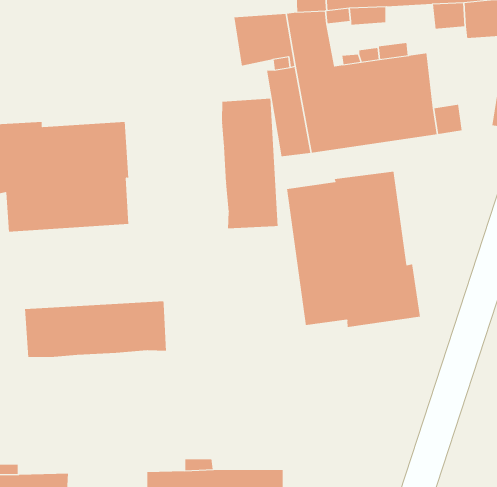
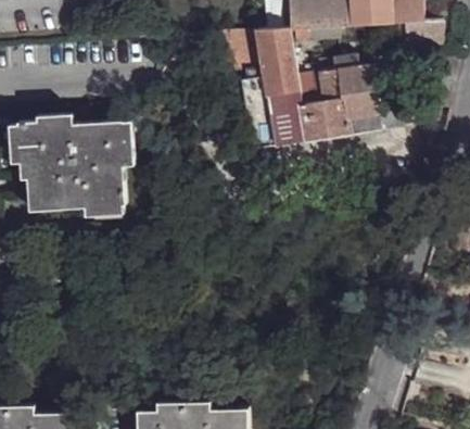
building: [222,98,278,229] -> none
building: [286,171,420,328] -> none
building: [25,301,166,358] -> none

